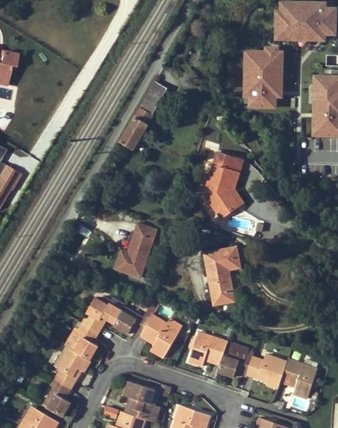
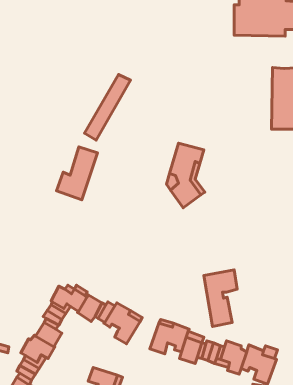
building: [241,47,283,108] -> none
building: [114,224,156,278] -> [56,147,98,200]
building: [205,247,239,305] -> [204,270,237,327]

